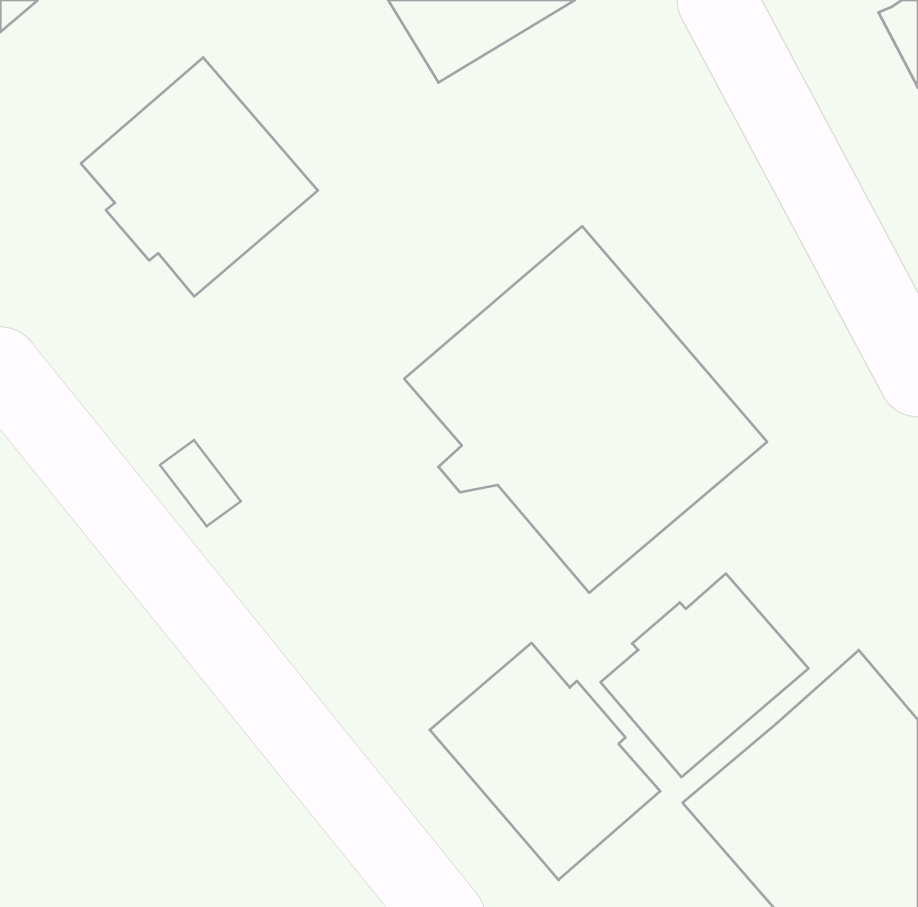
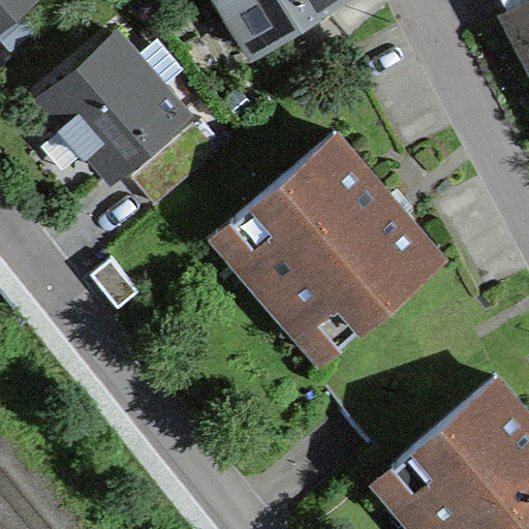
building: [601,574,808,777] -> none
building: [430,643,660,880] -> none

